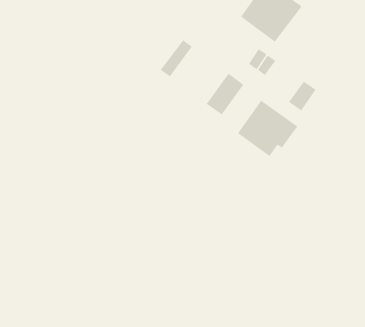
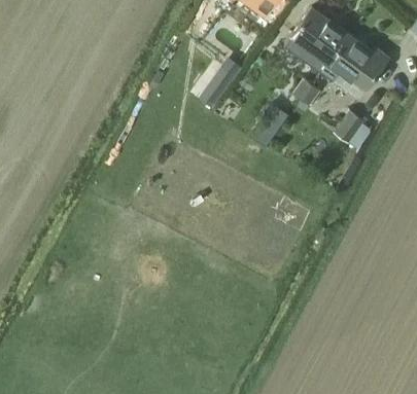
building: none -> [320,35,388,87]
building: [237,100,298,160] -> none

